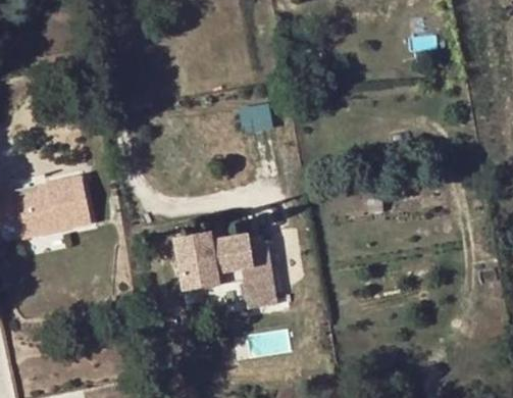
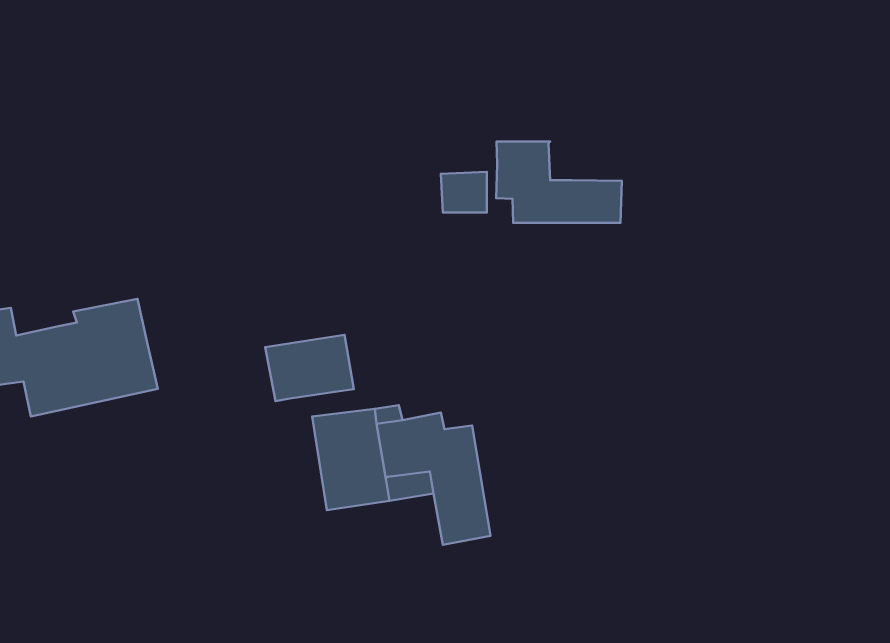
building: none -> [496,142,622,223]
building: none -> [265,335,354,401]

